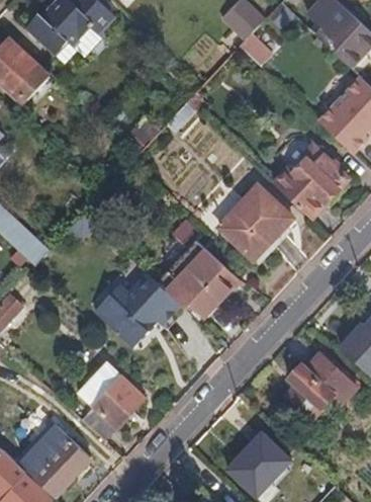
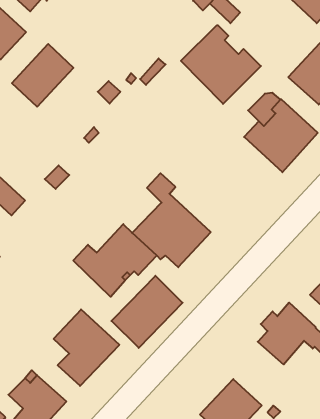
building: none -> [181,25,261,104]
building: none -> [12,44,73,107]
building: [219,188,291,260] -> none
building: none -> [111,276,183,348]

